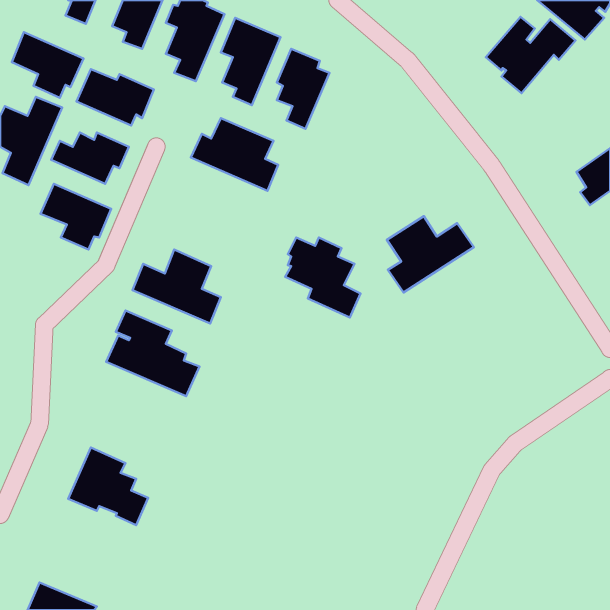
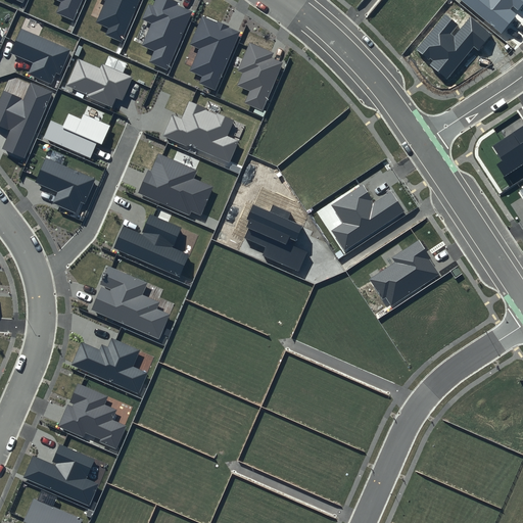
building: none -> [138,153,213,215]
building: none -> [369,239,439,305]
building: none -> [72,338,147,393]
building: none -> [23,444,99,506]

